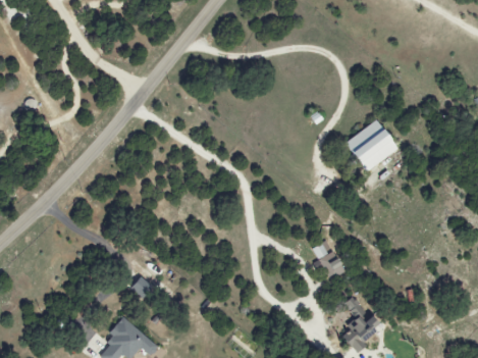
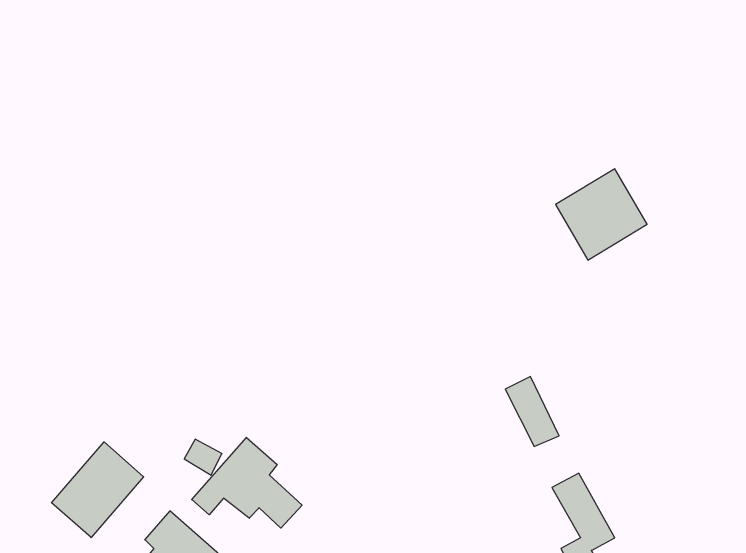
building: none -> [192,437,302,528]
building: none -> [52,442,144,538]

